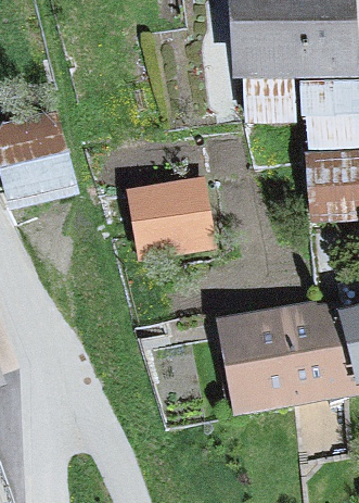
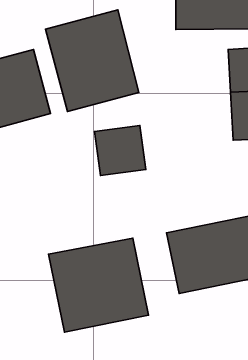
building: none -> [46,10,139,112]
building: none -> [49,238,149,332]

